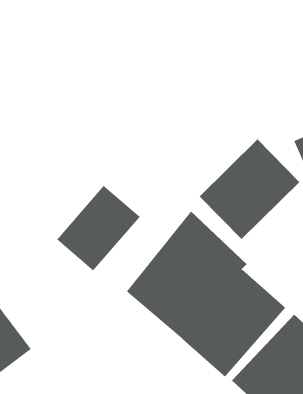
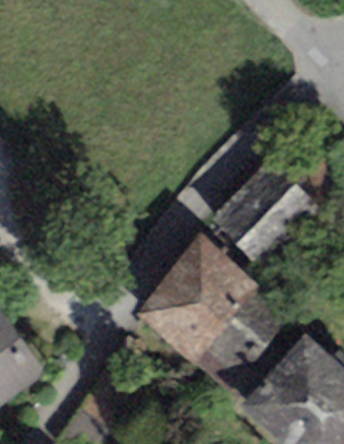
building: [56,185,141,271] -> none

